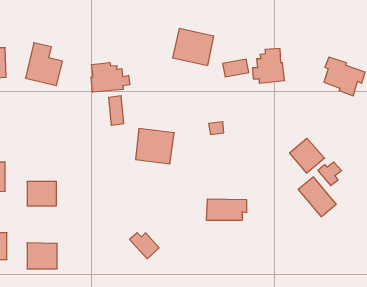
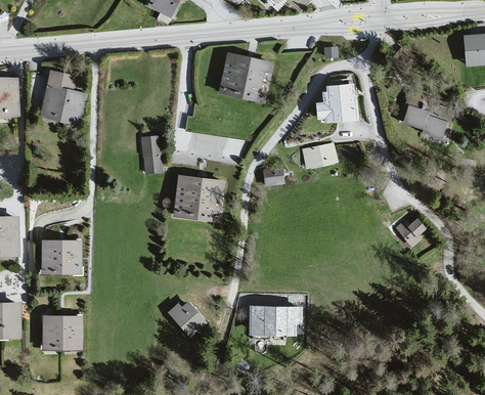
building: [223,59,249,77] -> [305,144,337,166]
building: [91,62,130,92] -> none
building: [290,138,325,173] -> none
building: [298,177,336,217] -> none
building: [206,199,247,220] -> [251,306,300,332]

